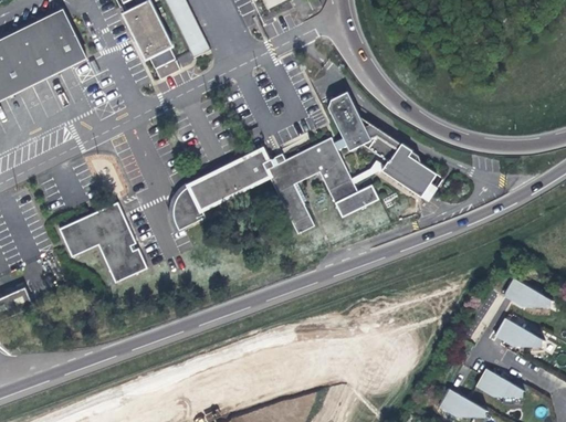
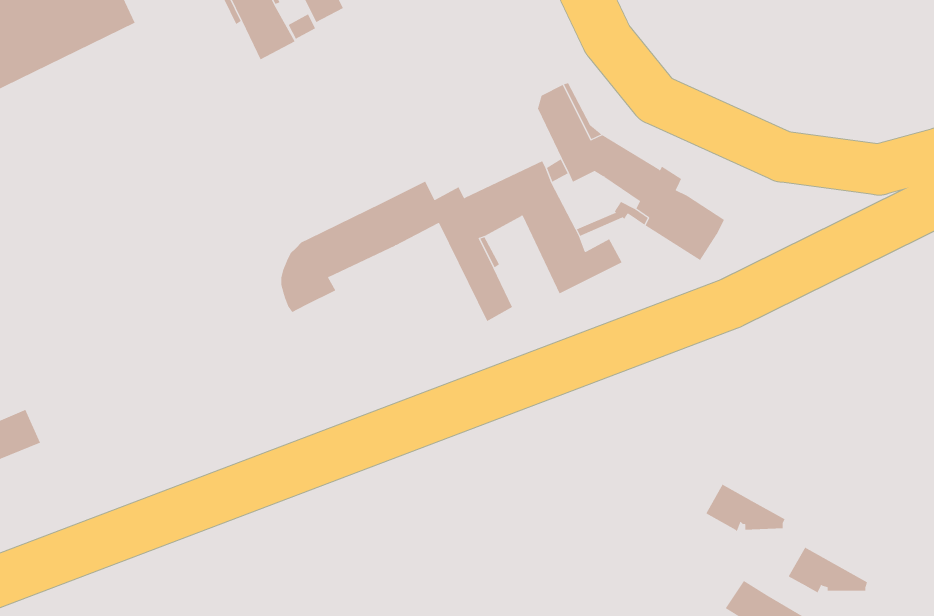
building: [60,202,147,282] -> none
building: [499,278,546,306] -> none
building: [494,318,542,347] -> [705,484,785,532]

